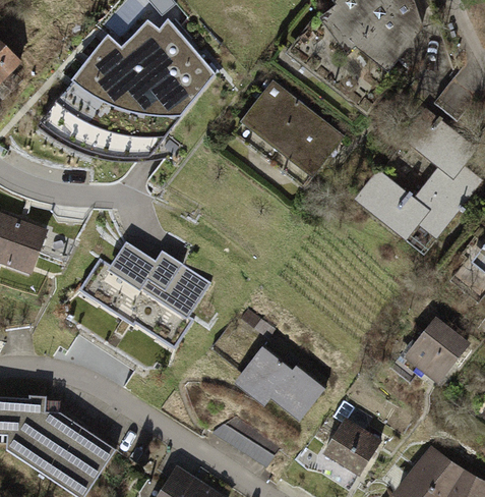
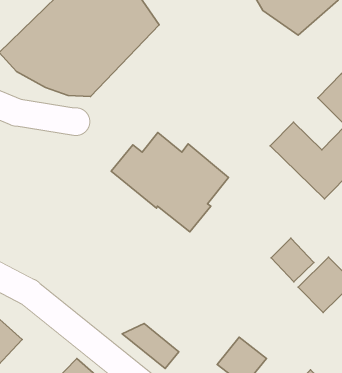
building: [231,77,336,180] -> none
building: [81,238,215,346] -> [111,132,229,232]
building: none -> [271,238,314,282]
building: [239,346,327,418] -> none

